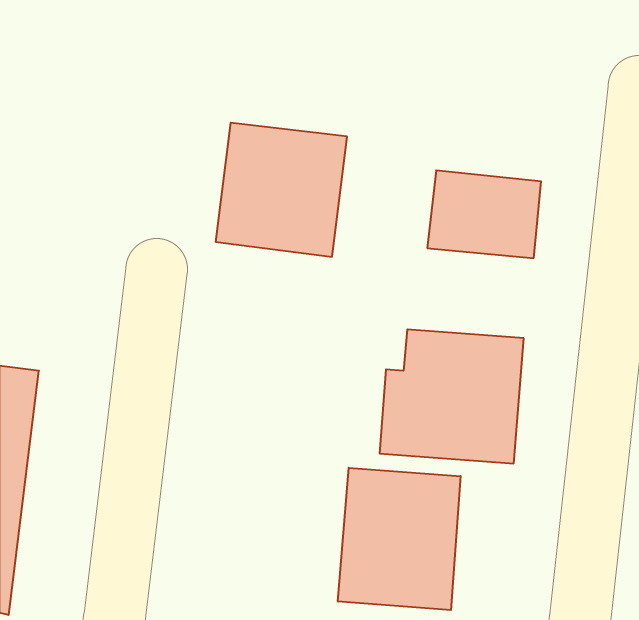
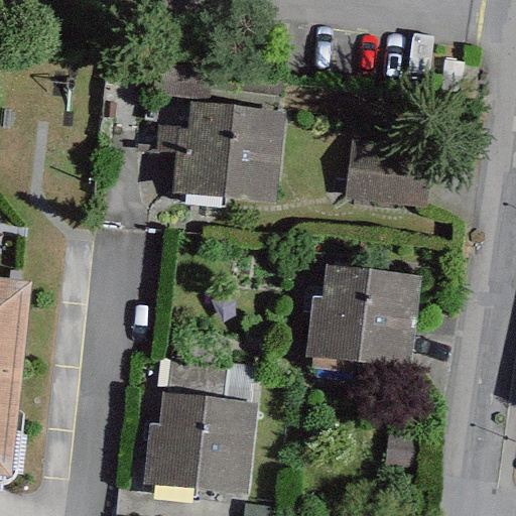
building: [338,468,461,610] -> none
building: none -> [141,379,251,487]

